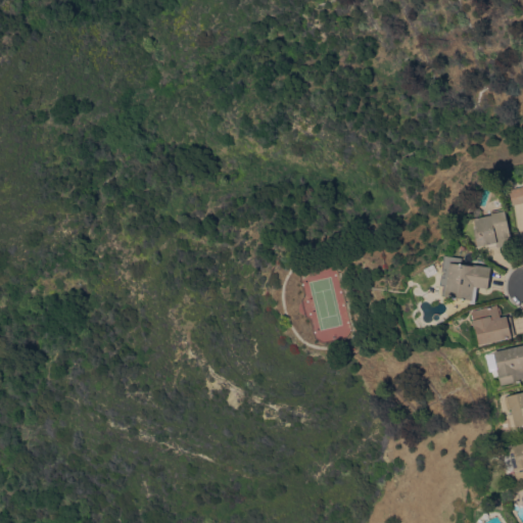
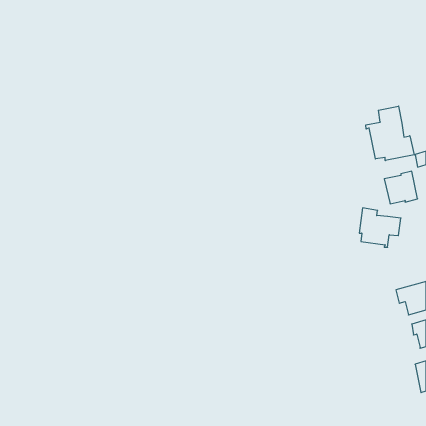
building: none -> [366,106,414,161]
building: [472,305,515,345] -> none

